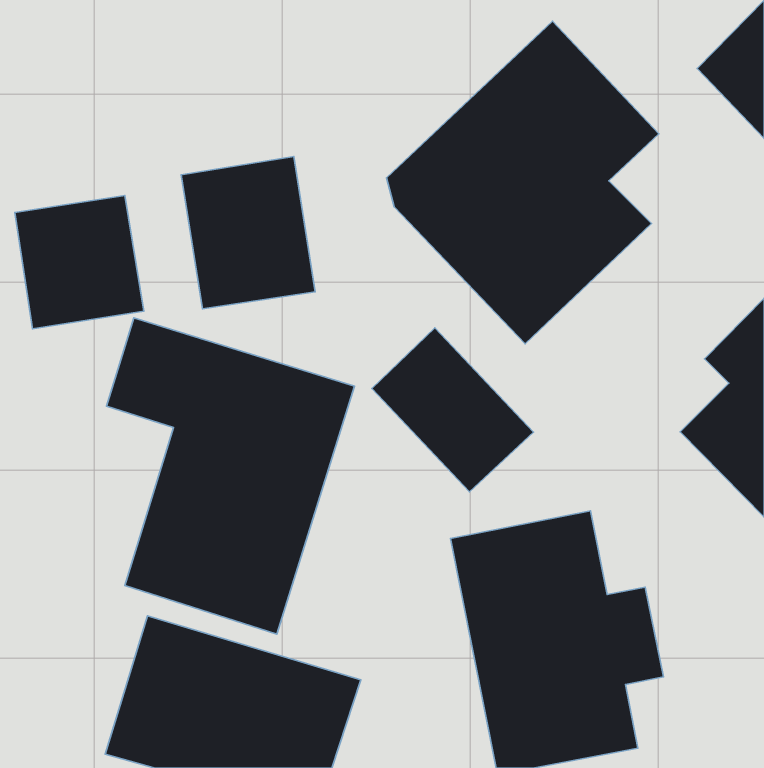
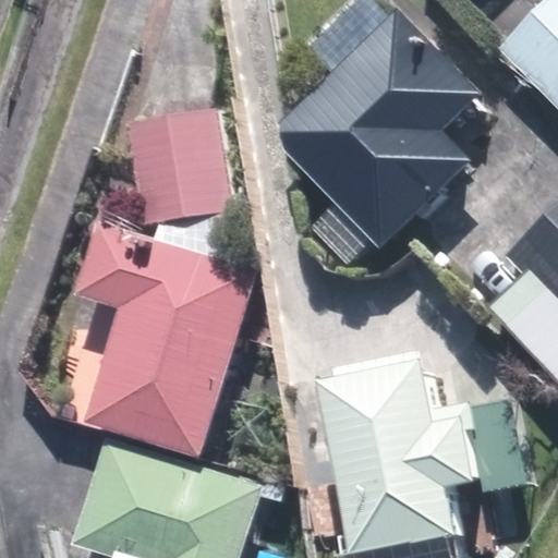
building: [15,195,144,329] -> none
building: [372,328,533,492] -> none

